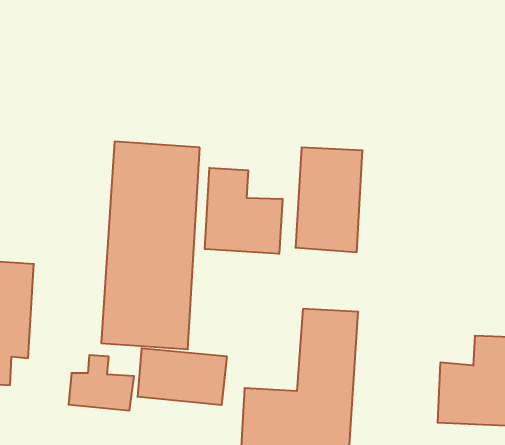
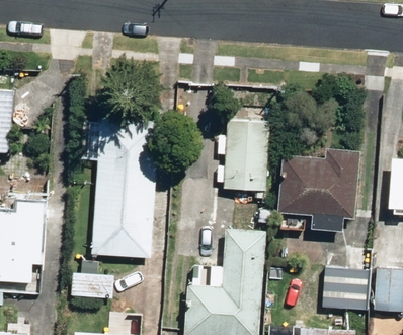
building: [205,168,282,254] -> none
building: none -> [277,149,358,232]
building: [138,348,227,405] -> none

